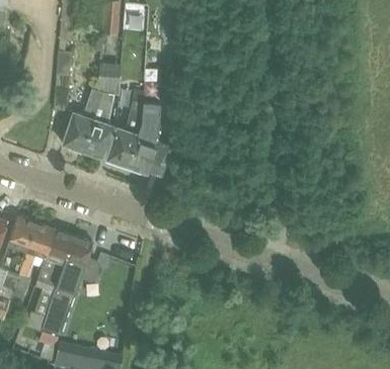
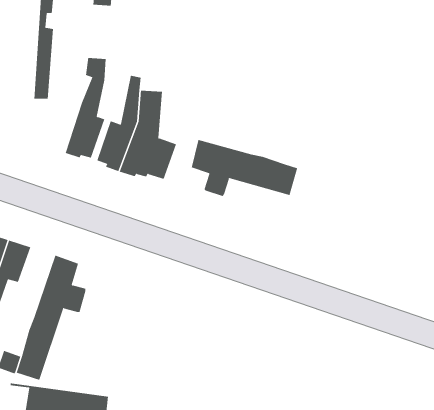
building: [62,88,102,153] -> none
building: none -> [191,139,298,197]
building: [36,228,73,285] -> none

